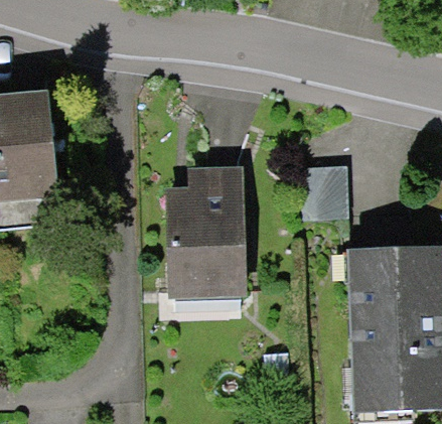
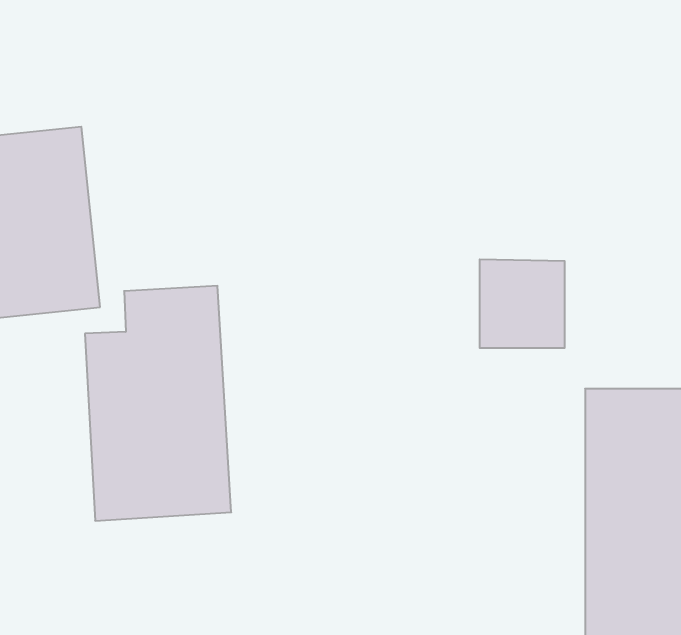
building: [162,159,249,298] -> [85,286,231,521]

